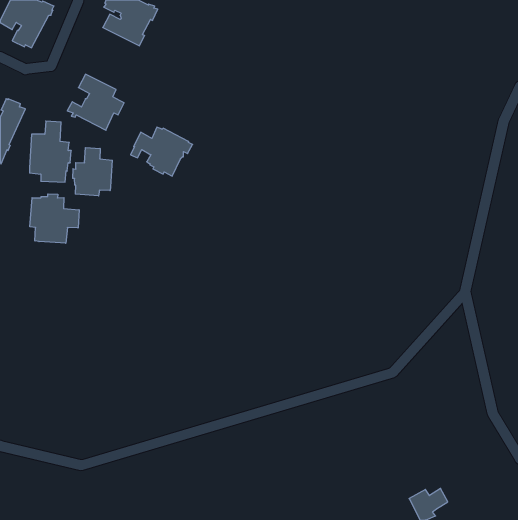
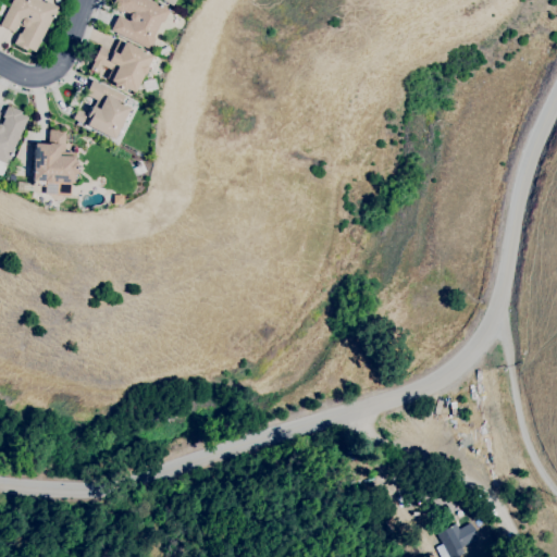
building: [131,127,193,176] -> [91,40,158,92]
building: [73,148,112,196] -> none
building: [30,194,79,243] -> none

